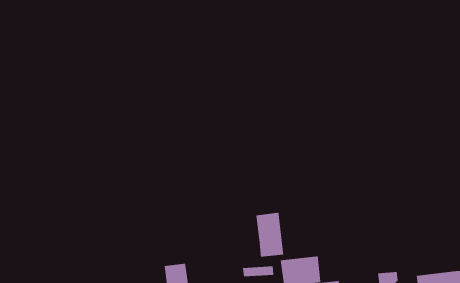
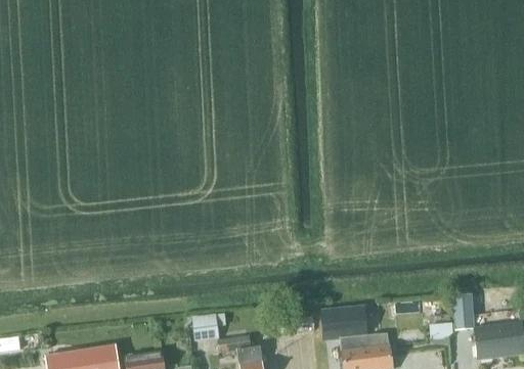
building: [256,212,284,258] -> none
building: none -> [452,291,475,328]

